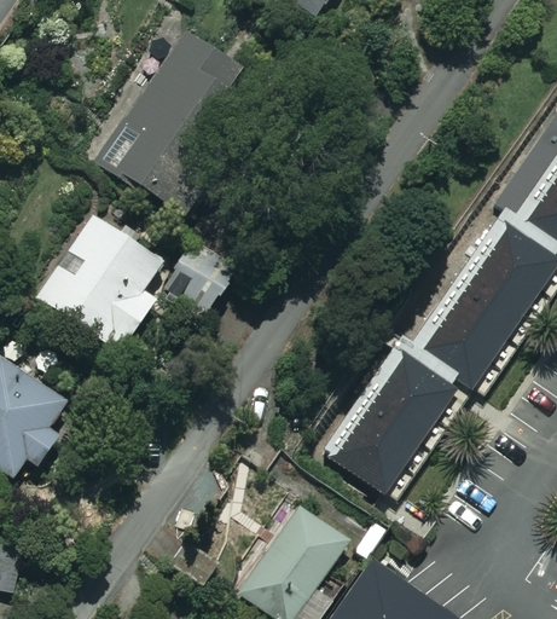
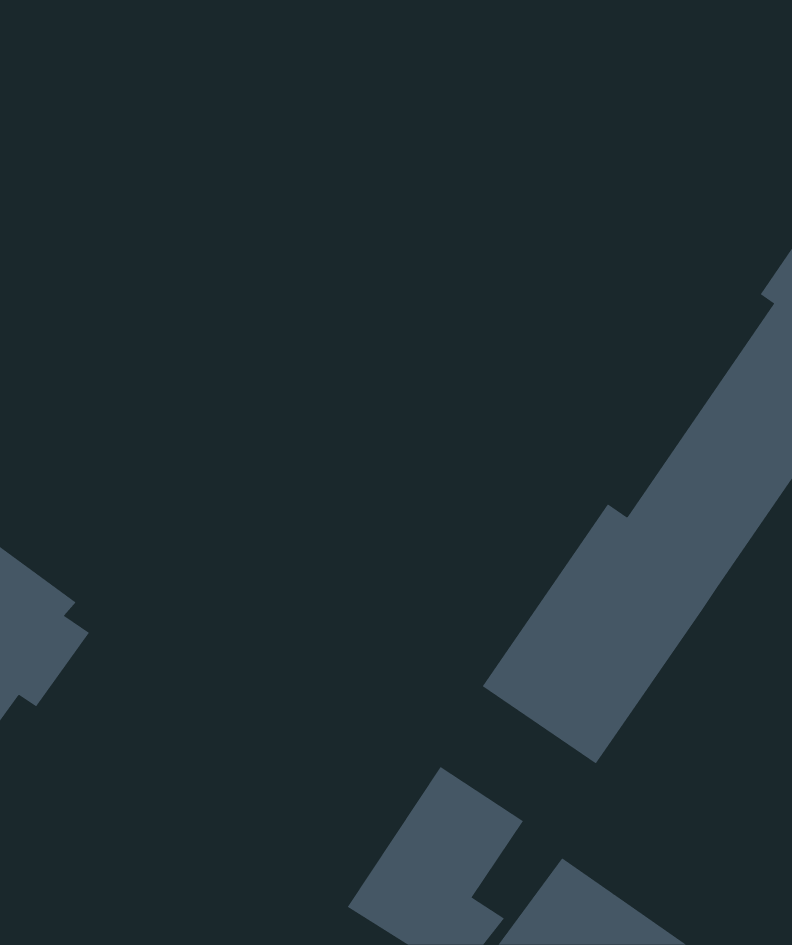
building: [83,33,237,196] -> none
building: [36,214,159,353] -> none

